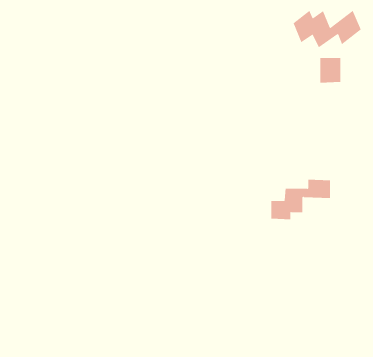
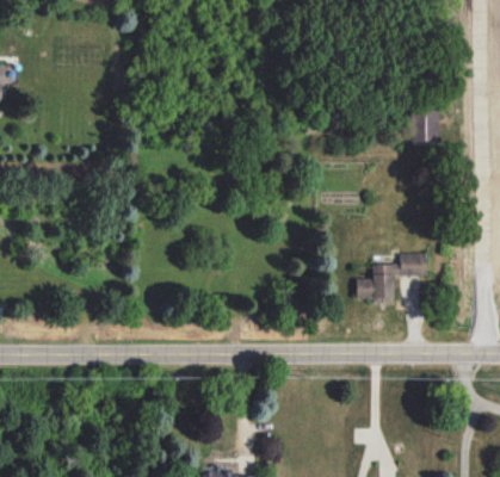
building: [293,10,361,48] -> none

